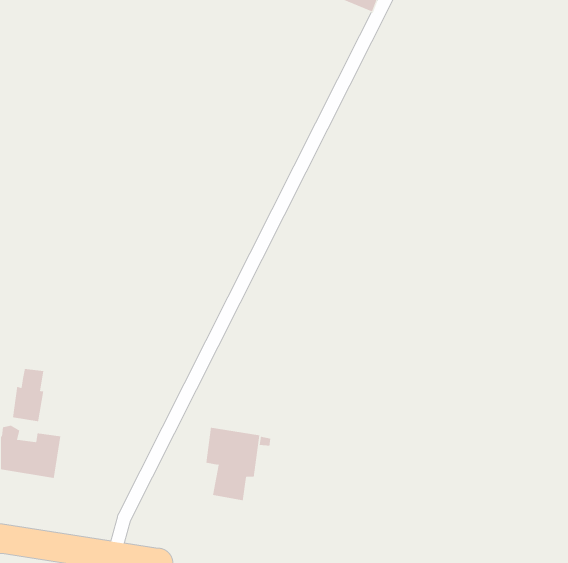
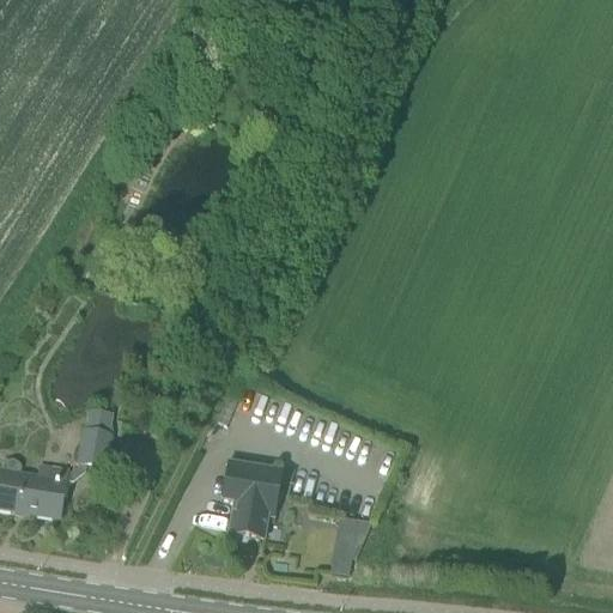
building: [12,369,44,422] -> [77,408,111,466]
building: none -> [329,516,372,575]

